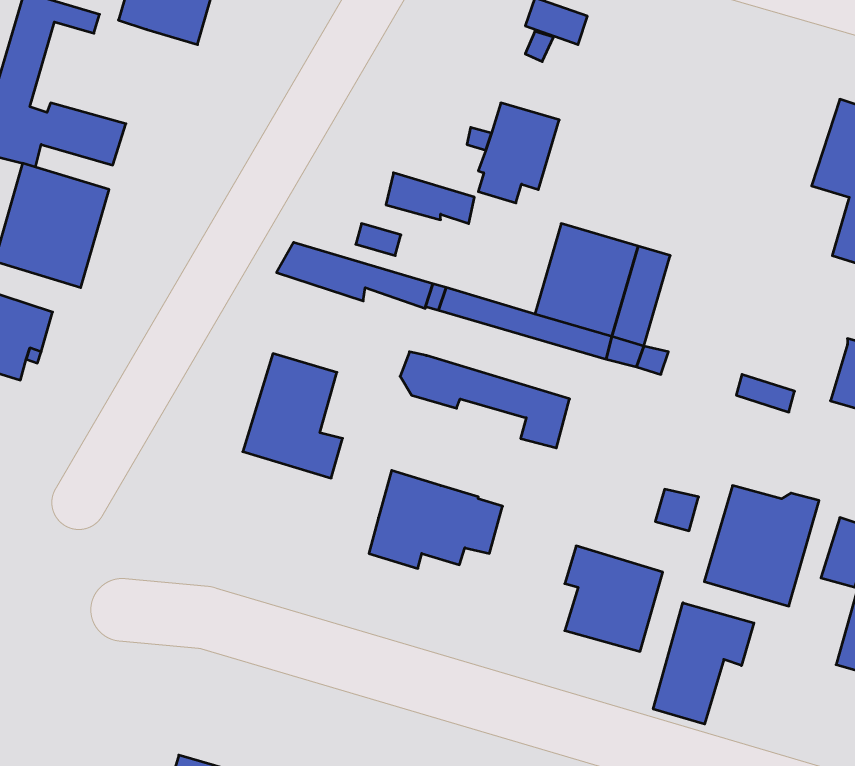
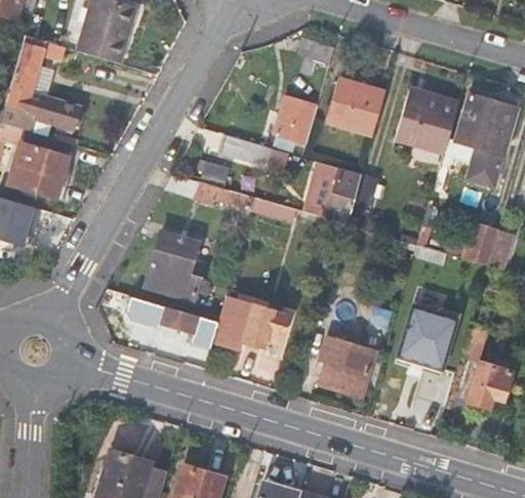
building: none -> [325,78,385,135]
building: none -> [394,90,457,153]
building: [400,352,570,448] -> [126,296,218,348]
building: [653,603,754,724] -> none

